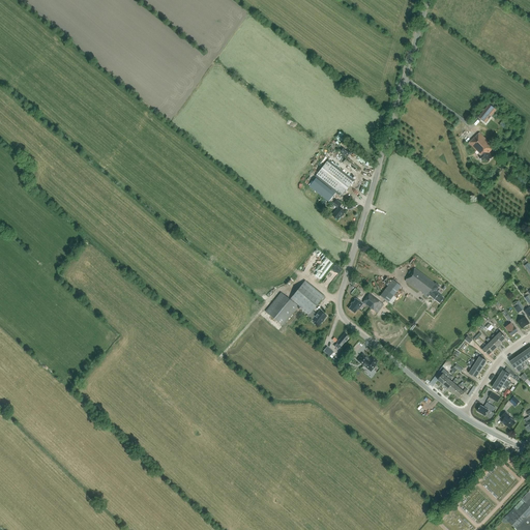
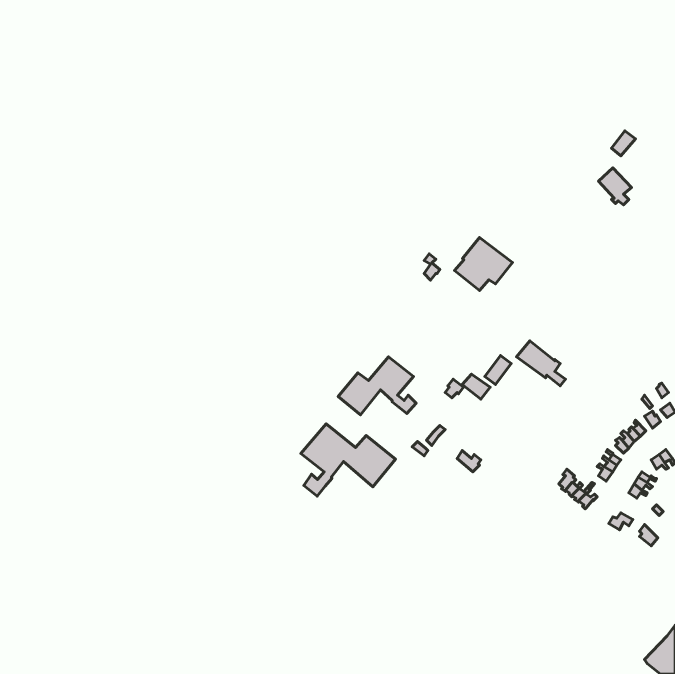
building: [308,159,354,201] -> [455,237,513,290]
building: none -> [301,424,395,496]

